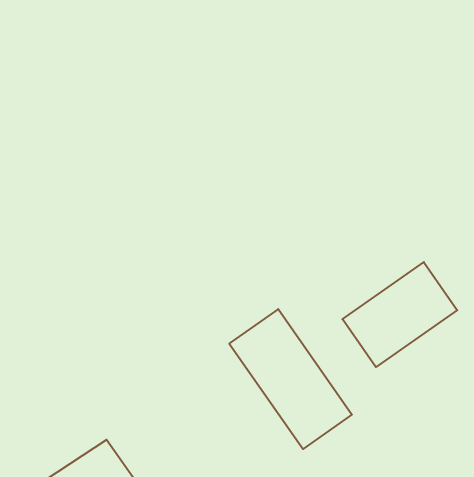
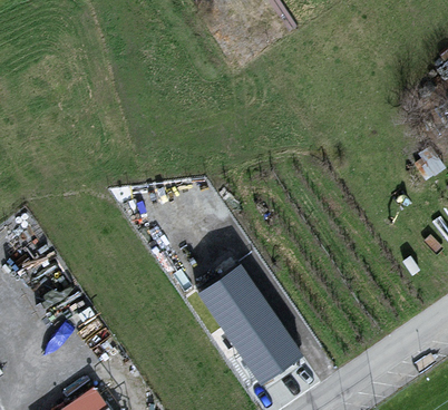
building: [342,262,457,367] -> none

